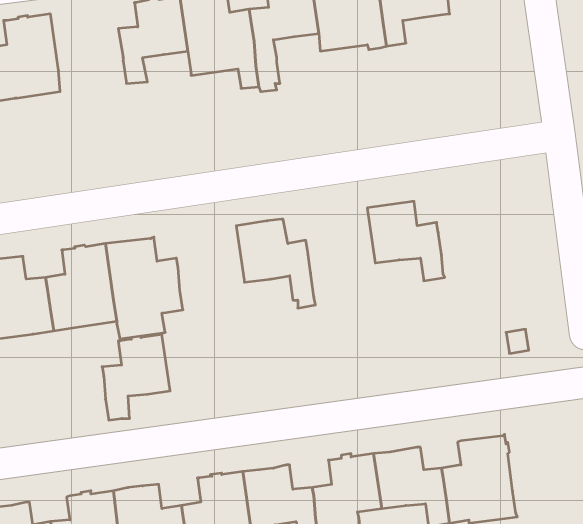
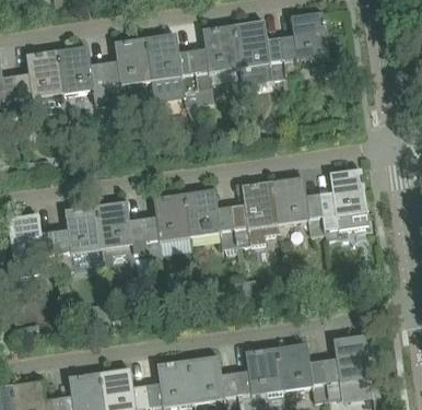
building: none -> [57,47,108,101]
building: none -> [318,171,367,236]
building: none -> [230,183,278,243]
building: [102,334,170,420] -> [142,195,188,253]

